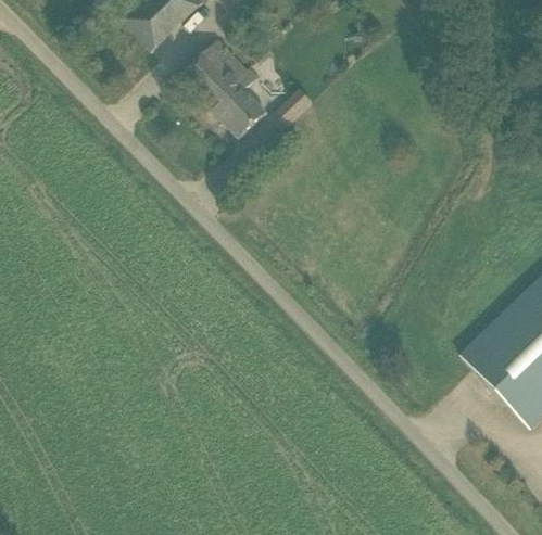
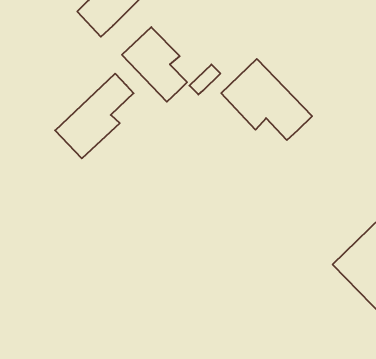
building: none -> [221,59,312,140]
building: none -> [55,74,134,158]

